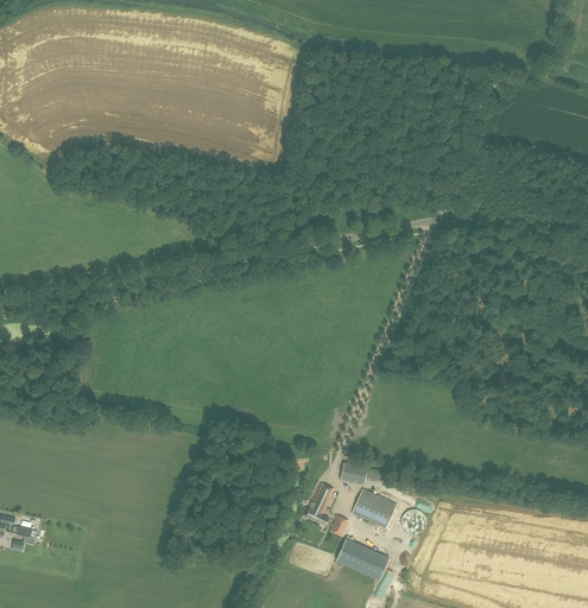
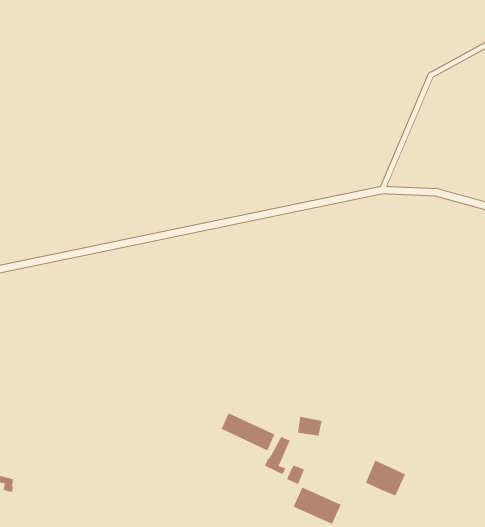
building: none -> [221,412,275,451]
building: [352,488,396,527] -> [365,460,406,496]

